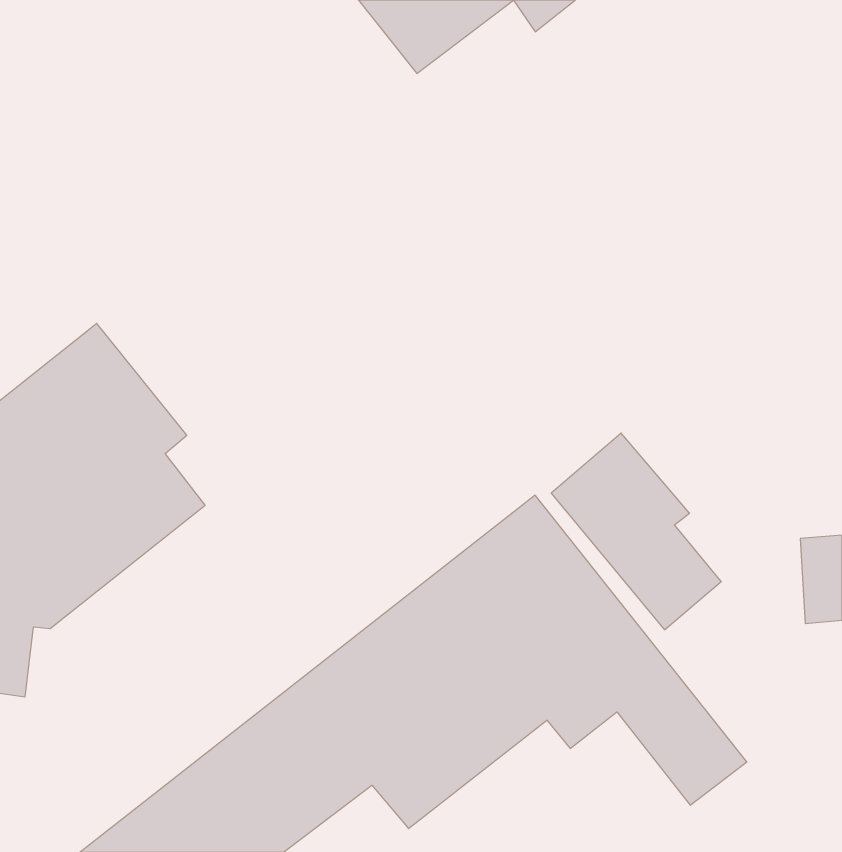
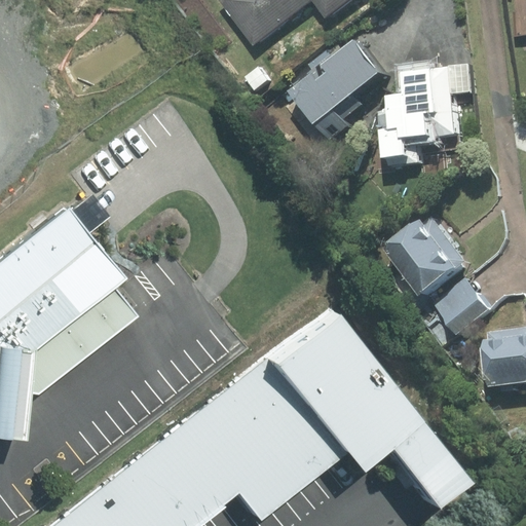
building: none -> [295,35,393,130]
building: none -> [387,63,474,166]
building: [551,433,721,630] -> [387,214,492,335]

